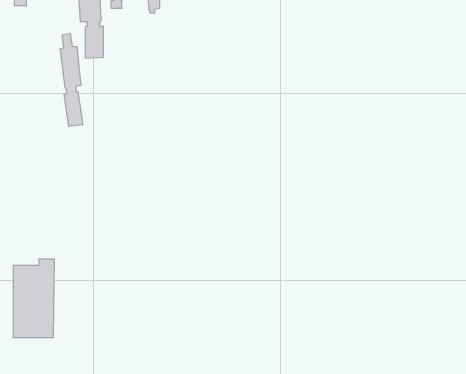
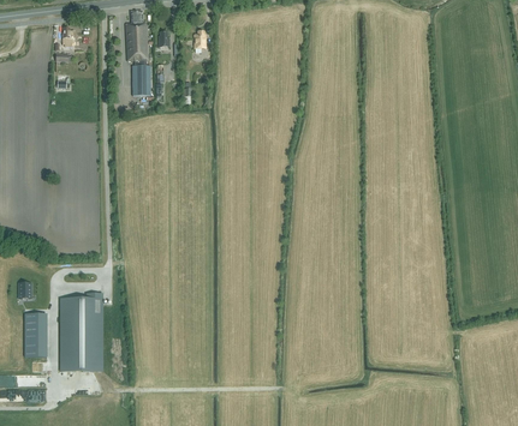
building: [60,33,83,127] -> none

